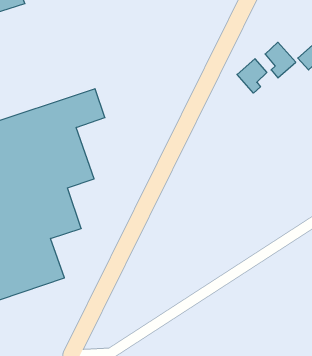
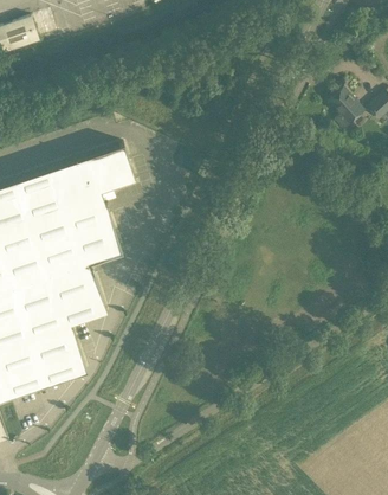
building: [237,59,267,93] -> none

